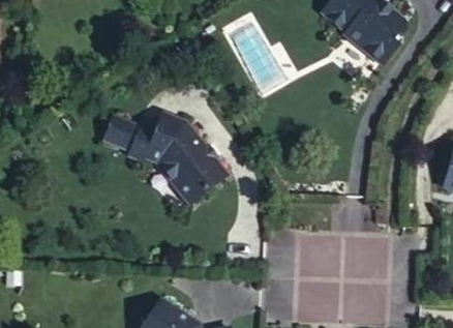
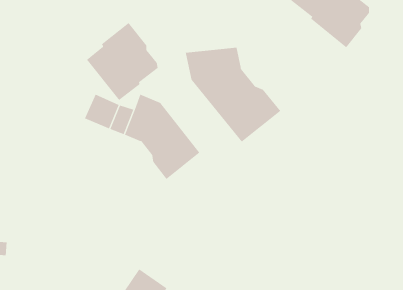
building: none -> [86,22,158,101]
building: none -> [185,47,281,143]

